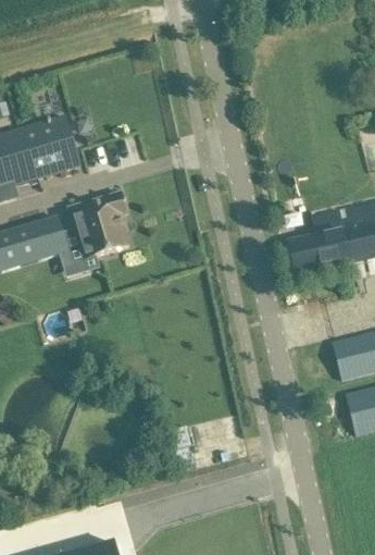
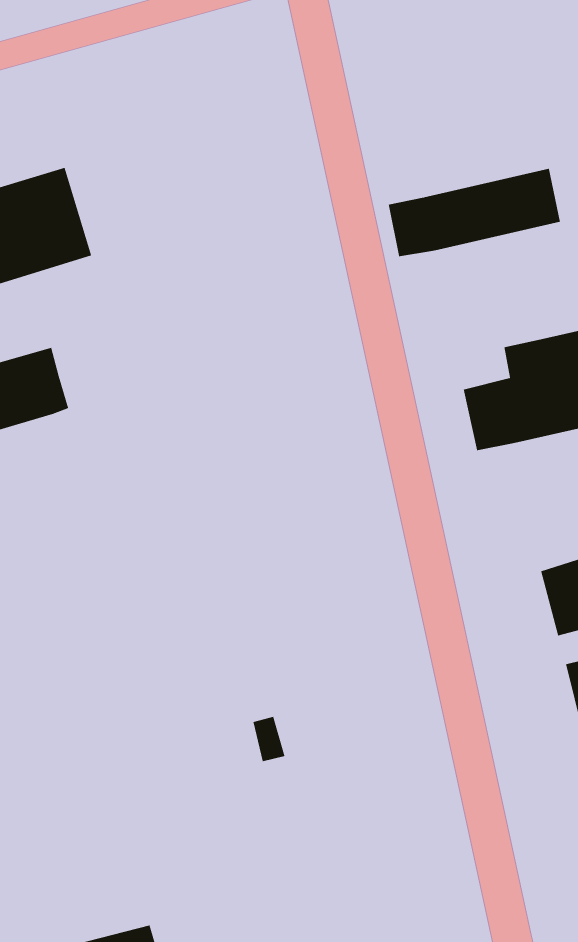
building: none -> [388,168,561,257]
building: [59,190,129,276] -> none

